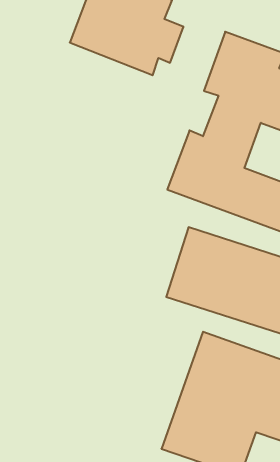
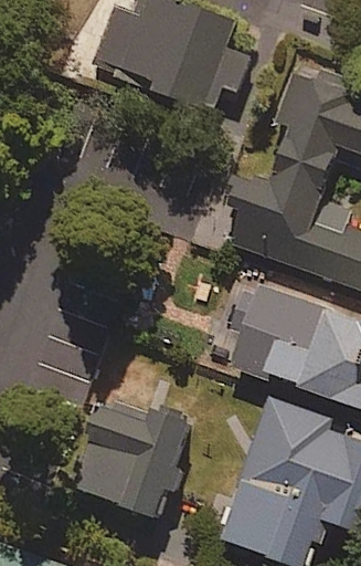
building: none -> [65,402,187,522]

